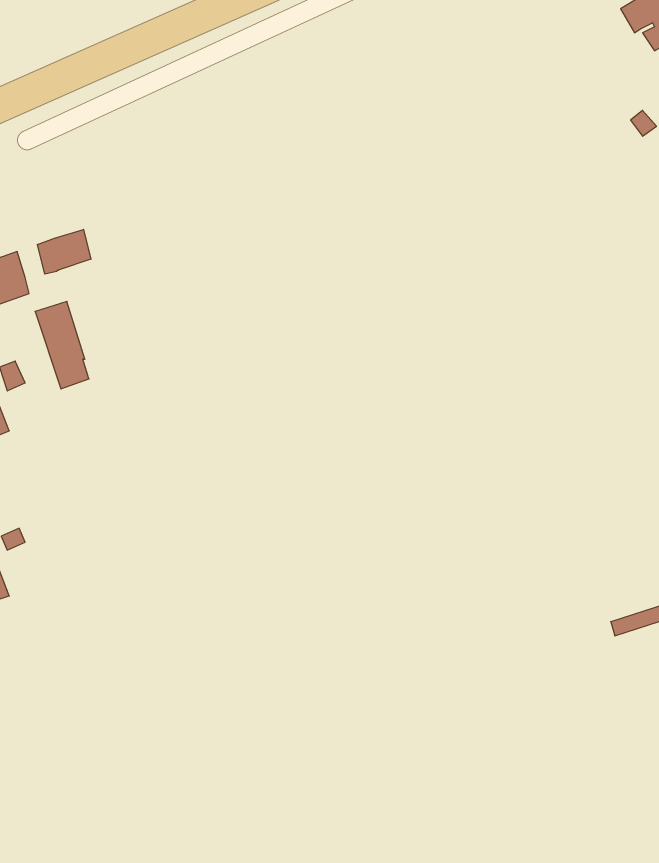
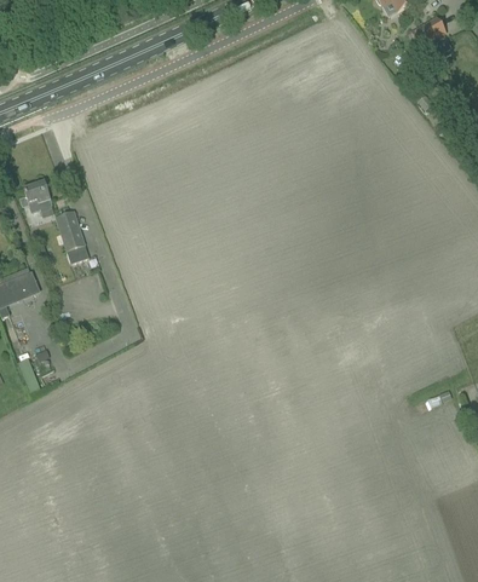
building: [37,229,91,274] -> none

